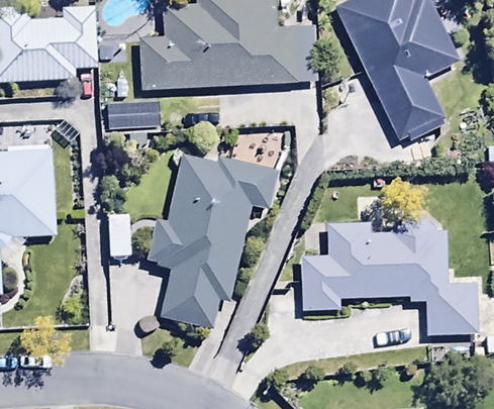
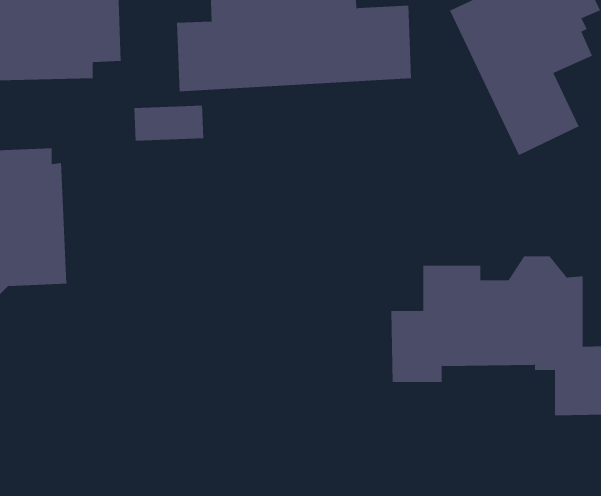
building: [145,155,277,328] -> none

